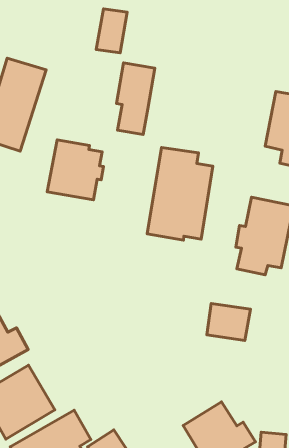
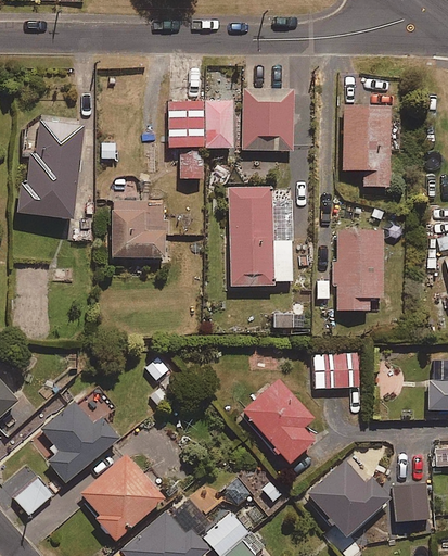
building: [96,9,127,53] -> [205,101,232,149]
building: none -> [241,88,293,151]
building: none -> [244,378,315,462]

